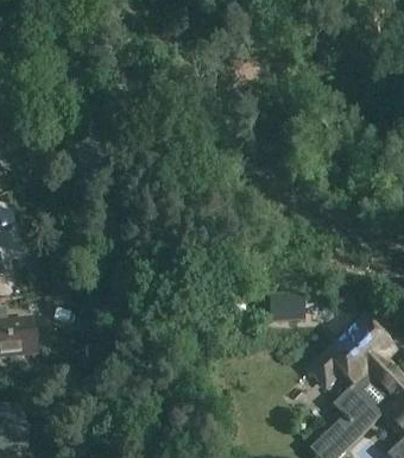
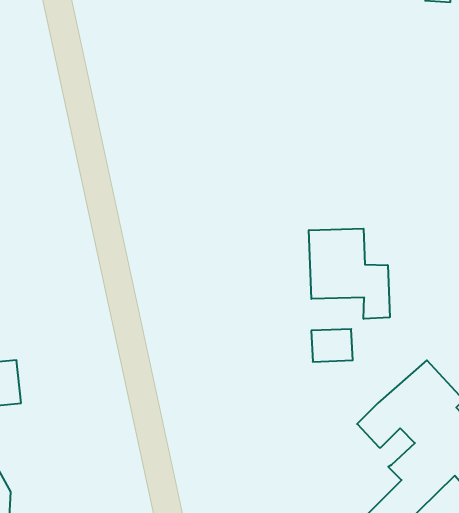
building: none -> [309,229,390,319]

